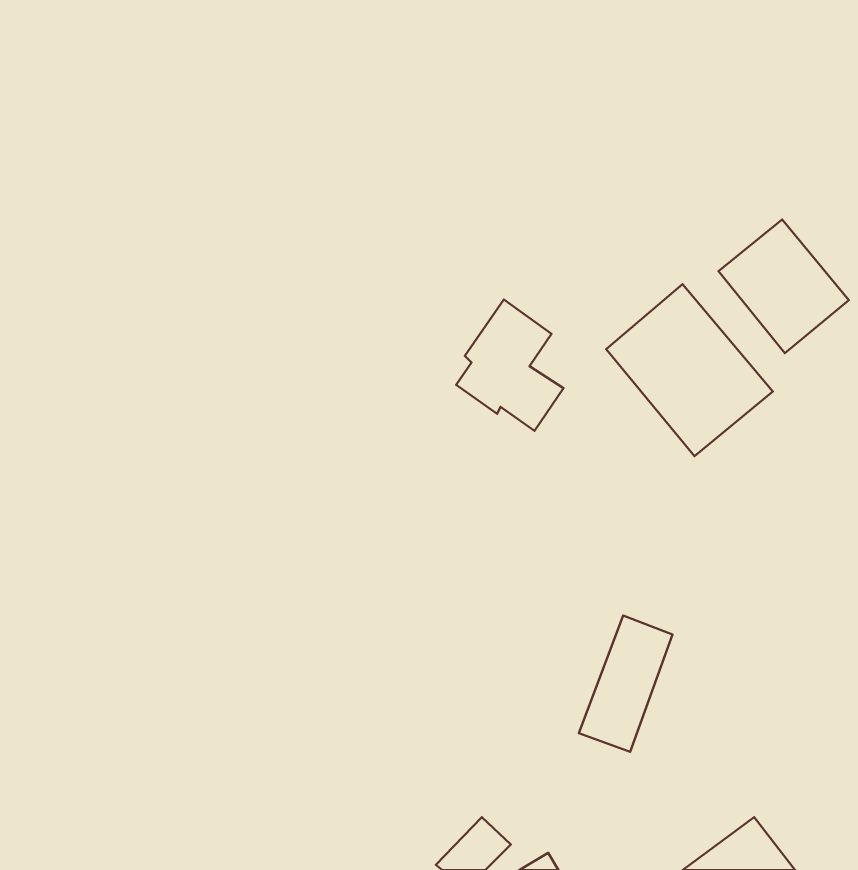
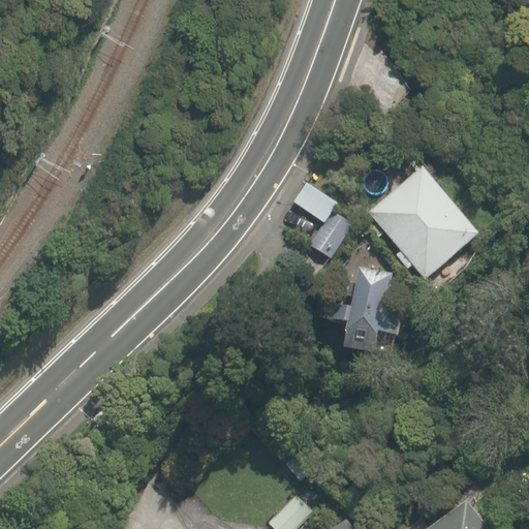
building: [719,220,849,353] -> none
building: [579,616,673,752] -> [335,262,392,345]

